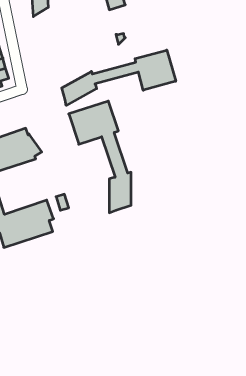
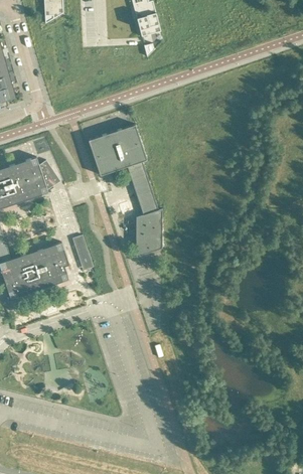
building: none -> [136,9,161,36]
building: [62,50,176,105] -> none

